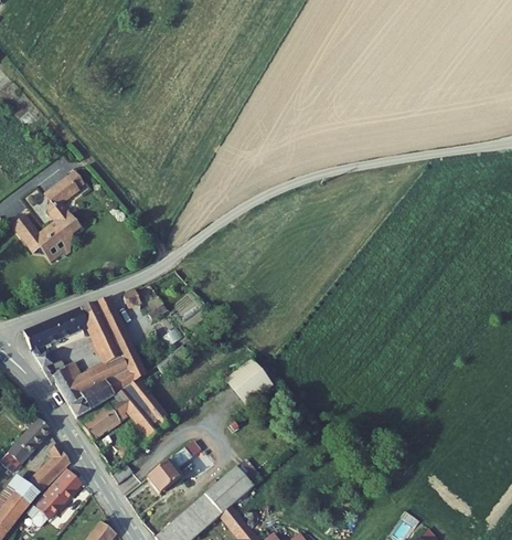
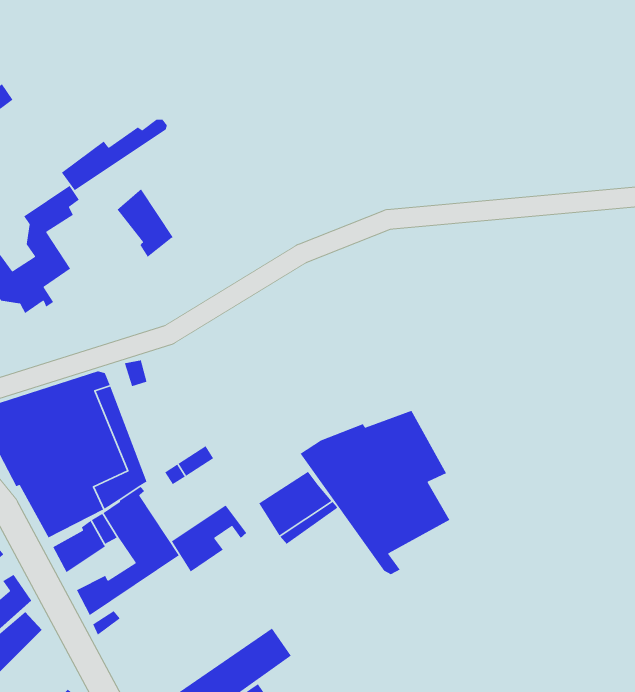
building: none -> [61,119,168,191]
building: none -> [117,188,174,258]
building: none -> [300,410,451,575]
building: [147,447,200,497] -> [171,504,247,573]

